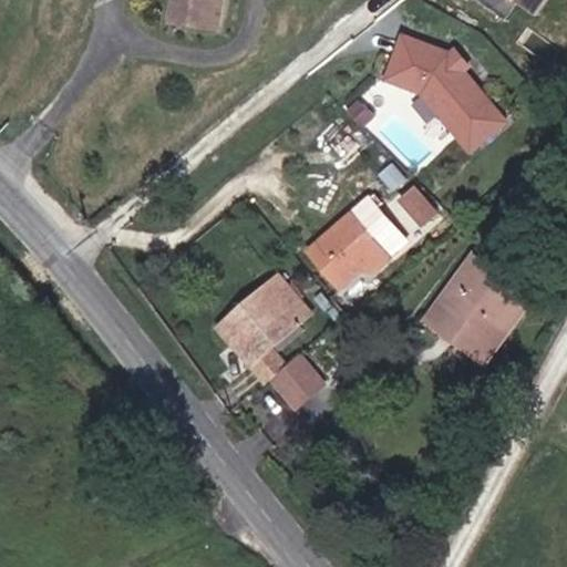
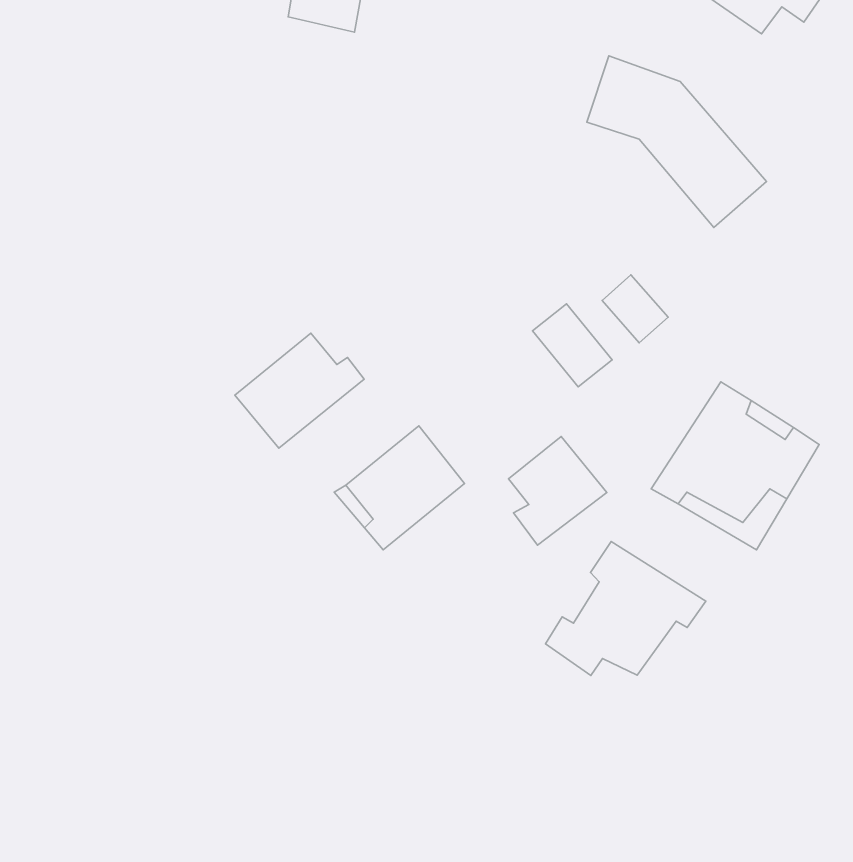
building: [313,216,378,287] -> [509,436,607,545]
building: none -> [235,333,364,448]
building: none -> [545,542,706,676]
building: [267,359,316,409] -> none

